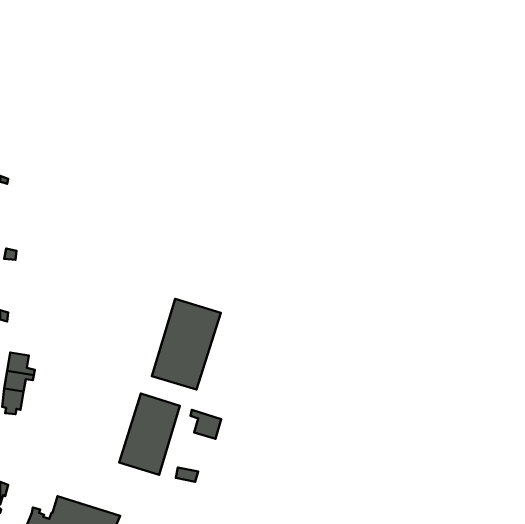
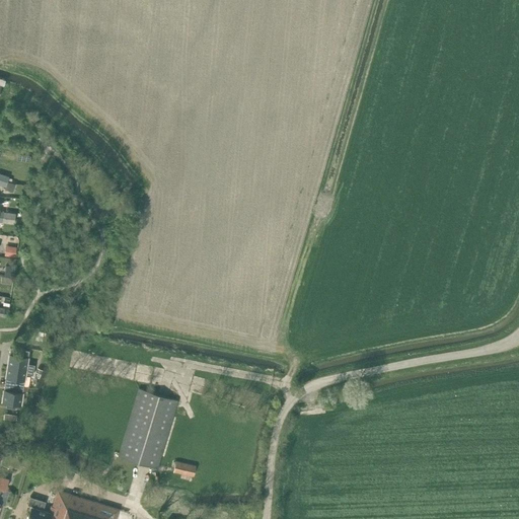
building: [152,299,221,390] -> none
building: [190,410,221,439] -> none

